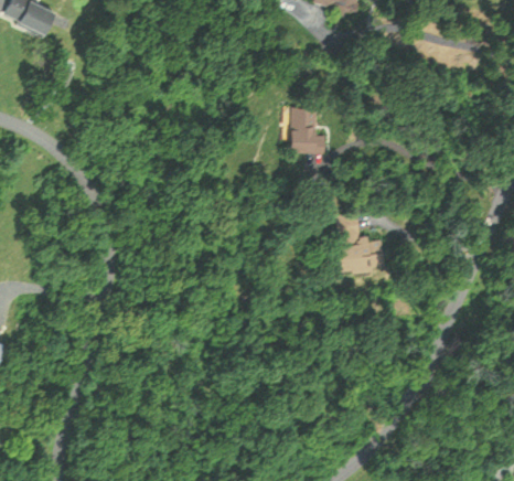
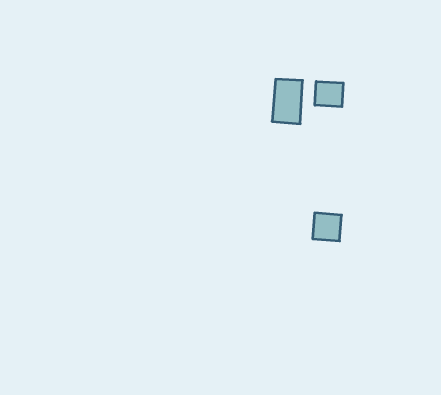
building: none -> [315,81,343,107]

